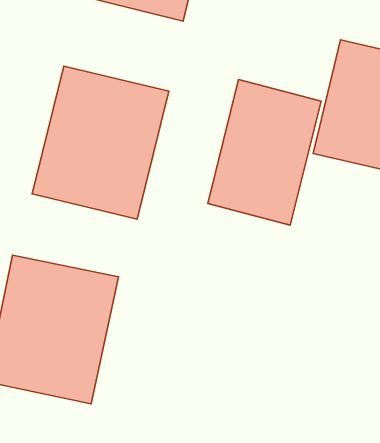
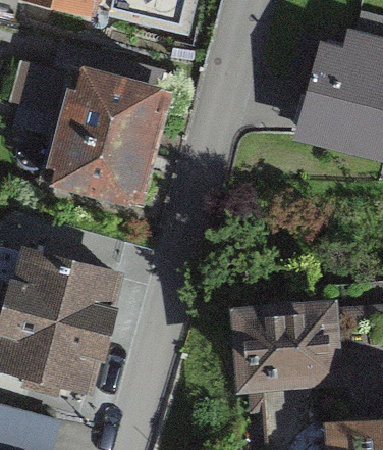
building: [208,80,321,225] -> none
building: none -> [232,305,332,386]

